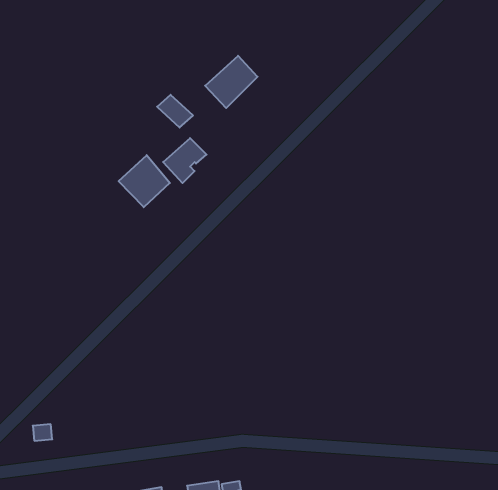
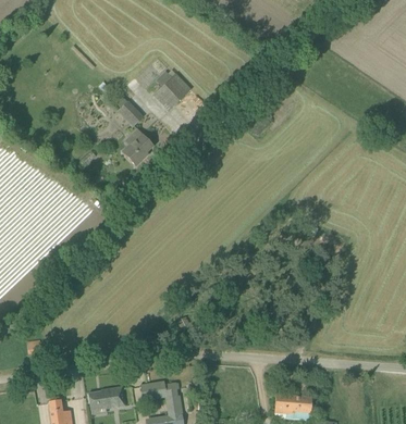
building: [119,155,170,207] -> none

